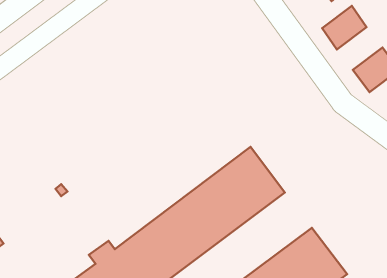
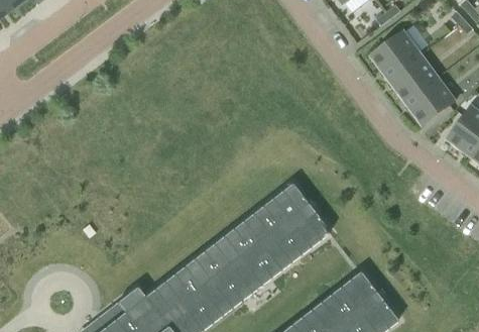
building: none -> [387,54,437,101]

